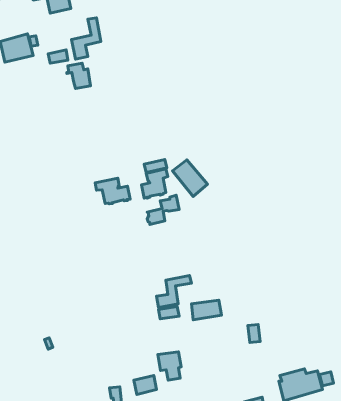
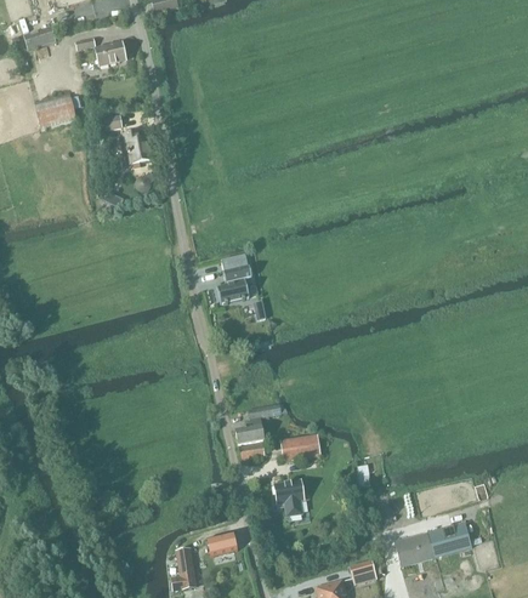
building: [72,18,101,59] -> none
building: [173,160,207,197] -> none
building: [95,178,130,204] -> none
building: [158,352,181,380] -> [274,480,305,517]

